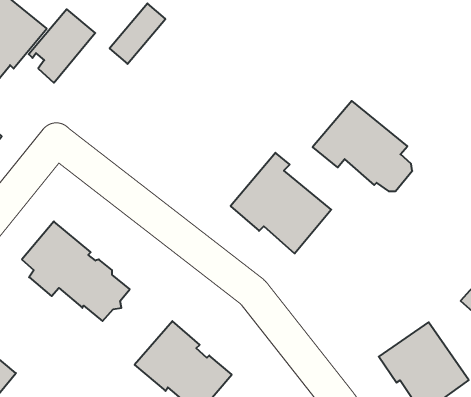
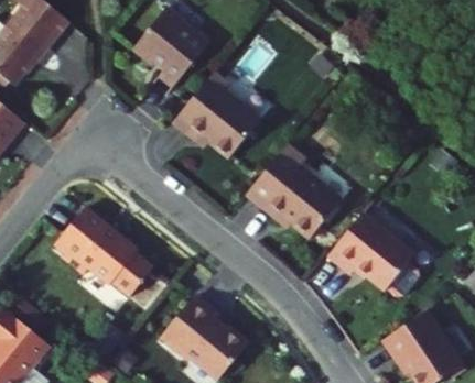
building: [29,9,95,83] -> [151,19,213,87]
building: none -> [174,73,262,160]
building: [313,101,412,191] -> [325,212,418,296]

